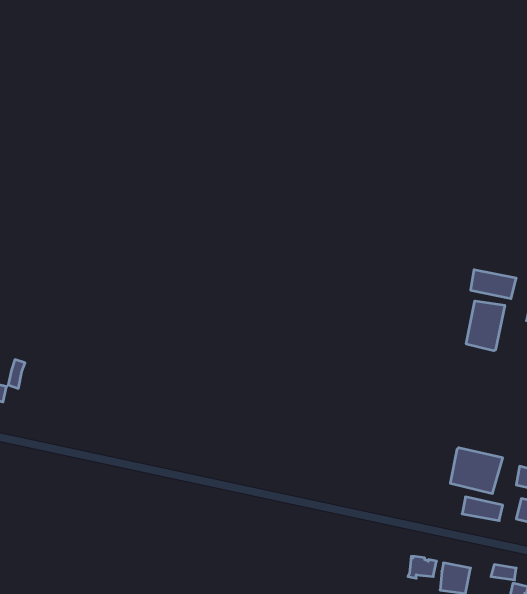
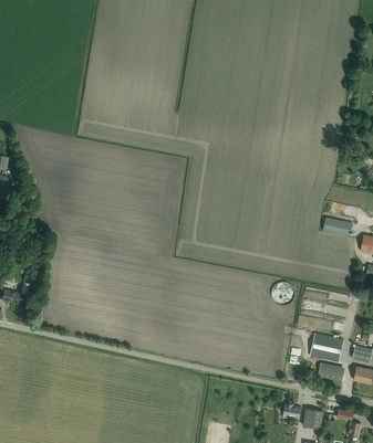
building: [466,301,505,351] -> none

